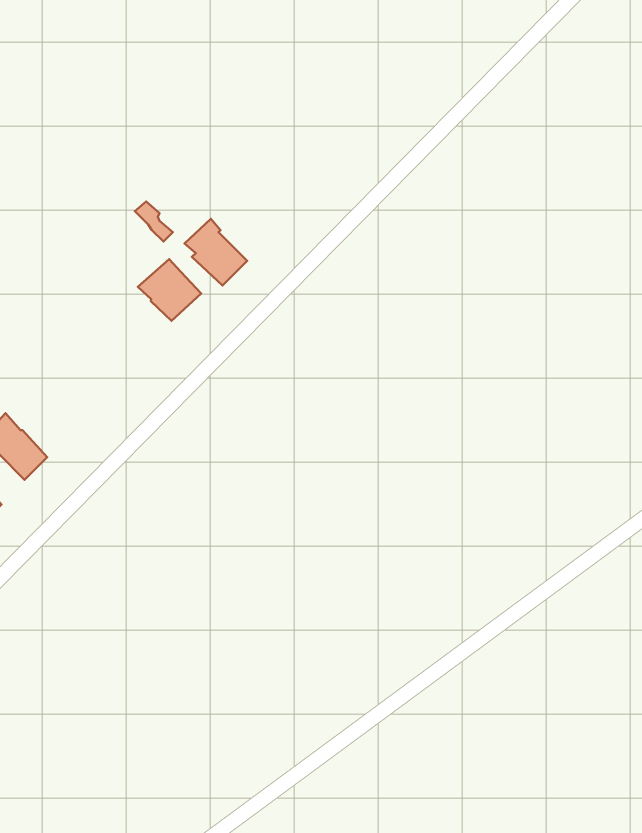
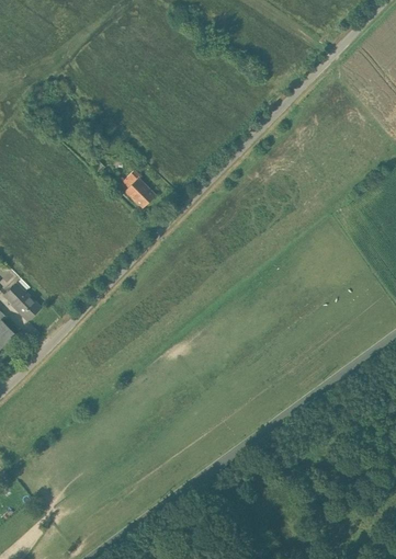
building: [138,259,201,321] -> none

